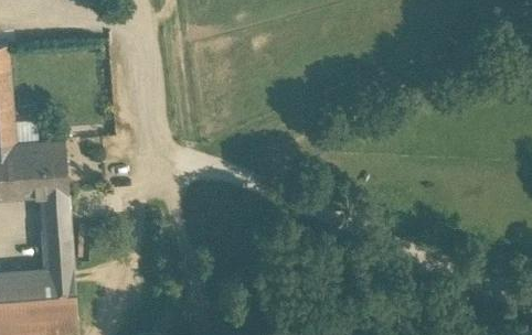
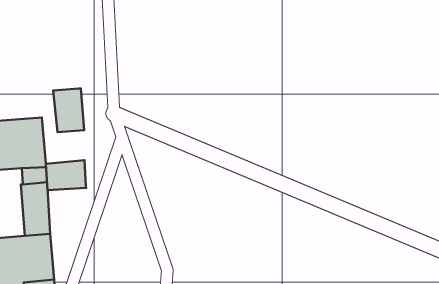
building: none -> [53,88,84,132]
building: none -> [46,160,86,190]

